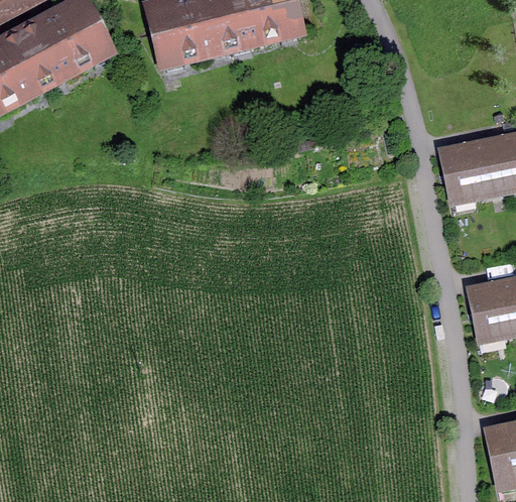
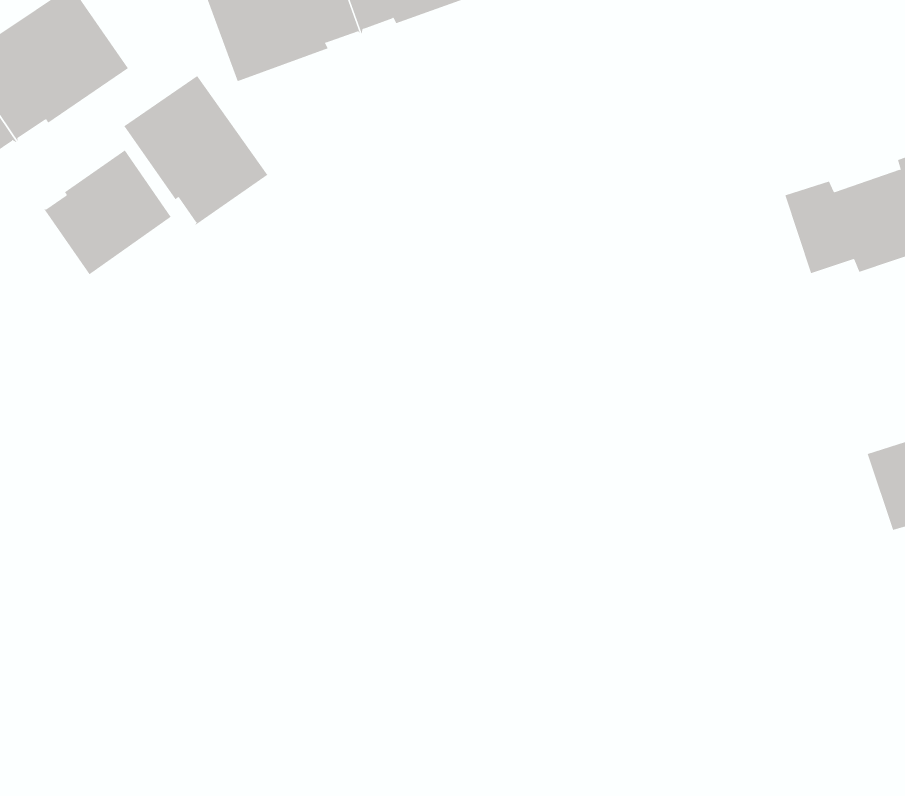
building: none -> [124,75,268,227]
building: none -> [42,149,171,275]

